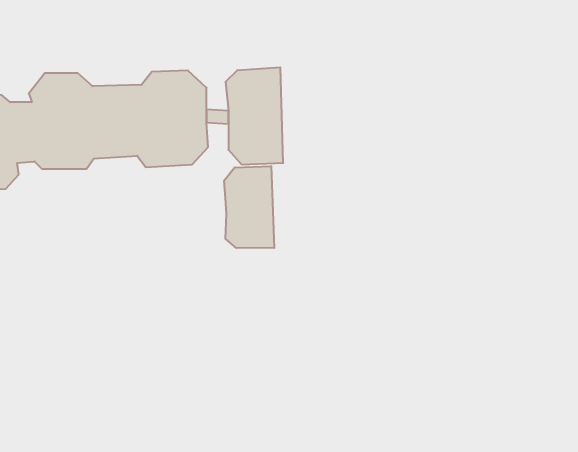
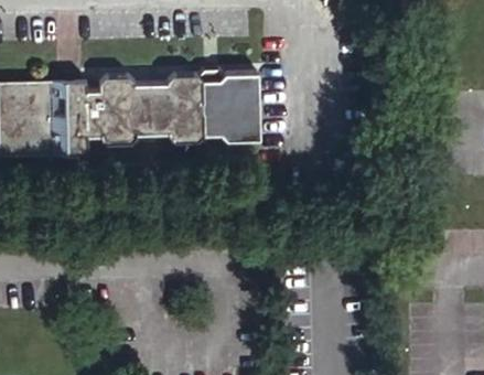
building: [224,166,274,248] -> none

